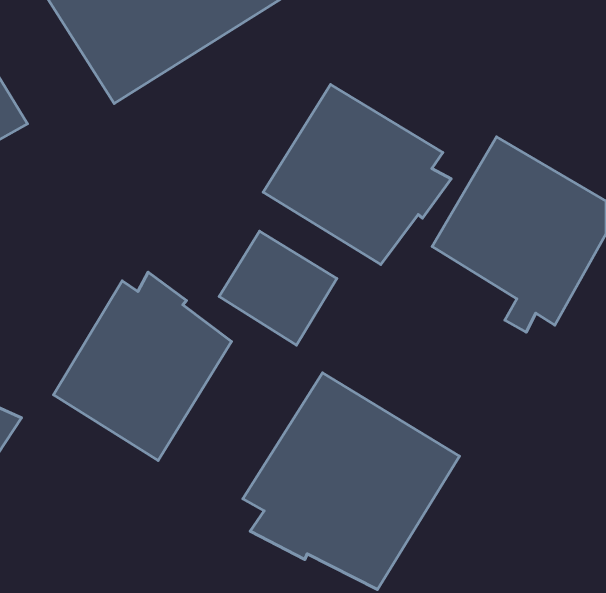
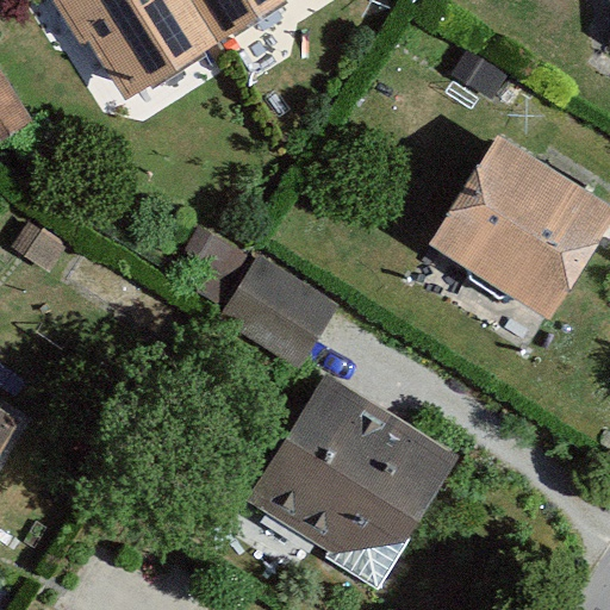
building: [263,85,451,264] -> none
building: [53,272,232,461] -> none

